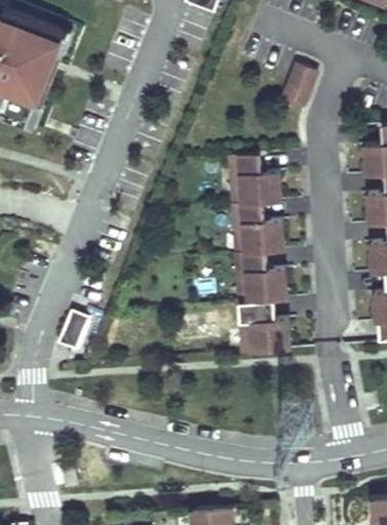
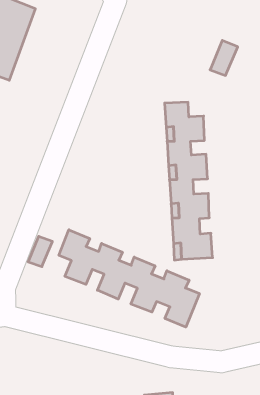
building: none -> [59,230,199,327]

